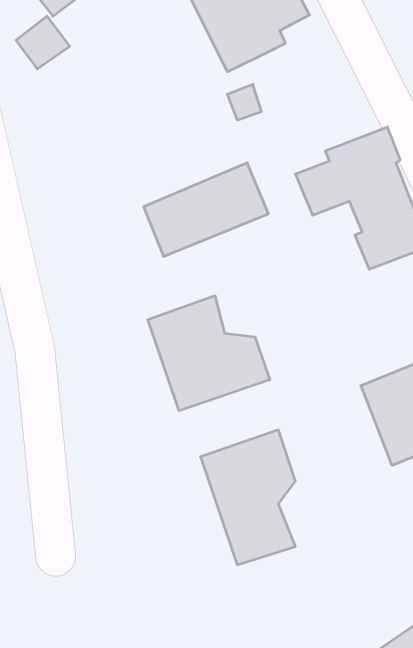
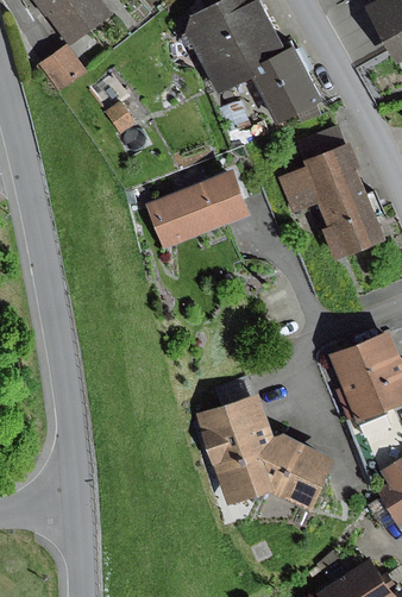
building: none -> [251,40,326,125]
building: [148,296,270,411] -> none
building: none -> [259,431,338,509]

